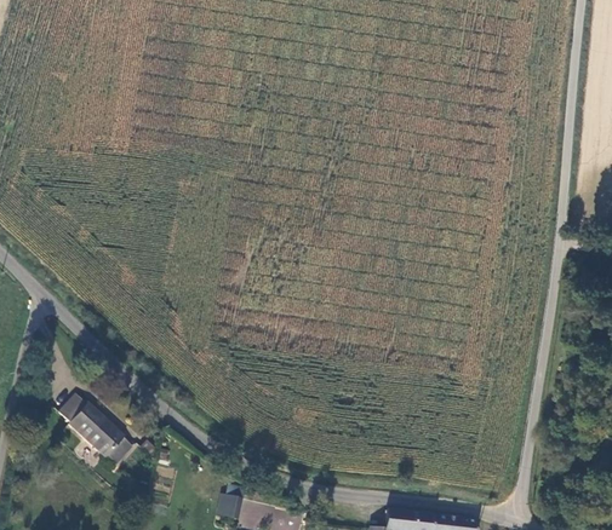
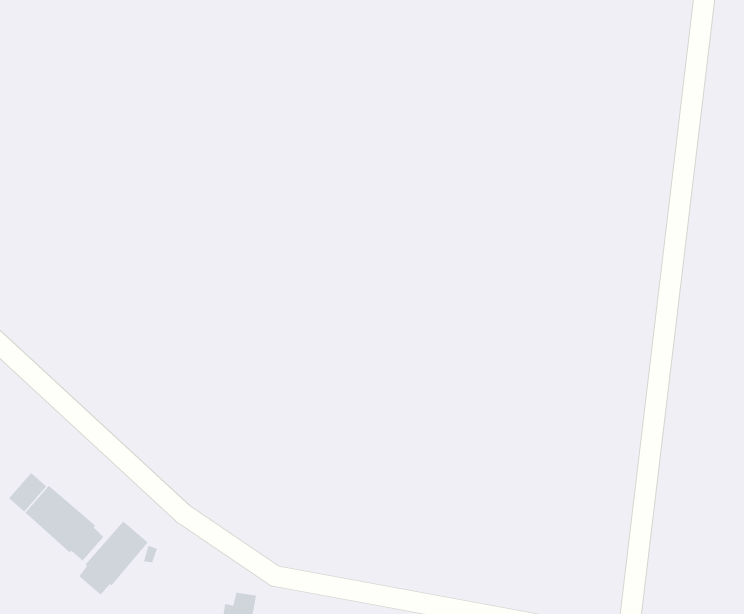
building: none -> [78,521,149,596]

